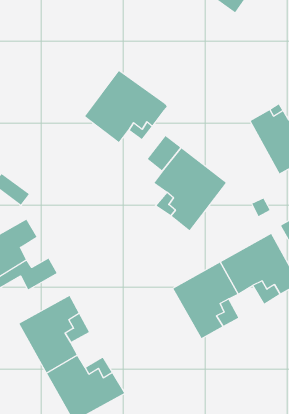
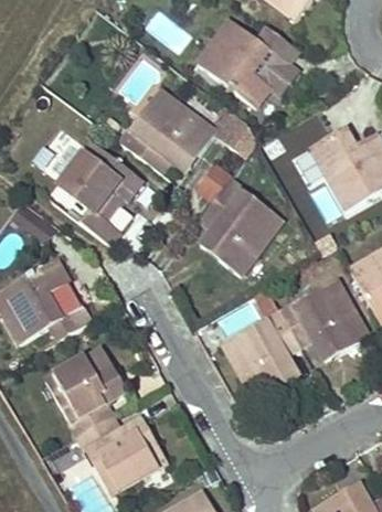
building: none -> [199,20,299,105]
building: none -> [212,111,257,158]
building: none -> [57,139,140,245]

